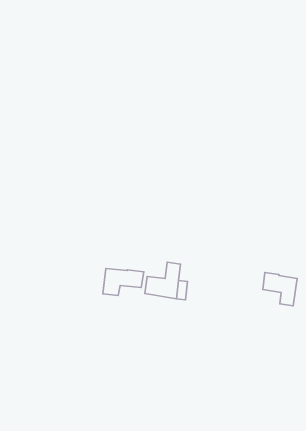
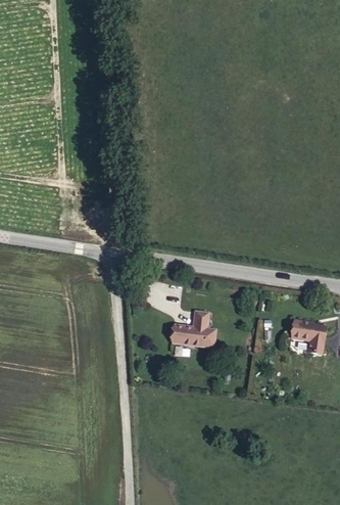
building: [103,268,144,296] -> none

